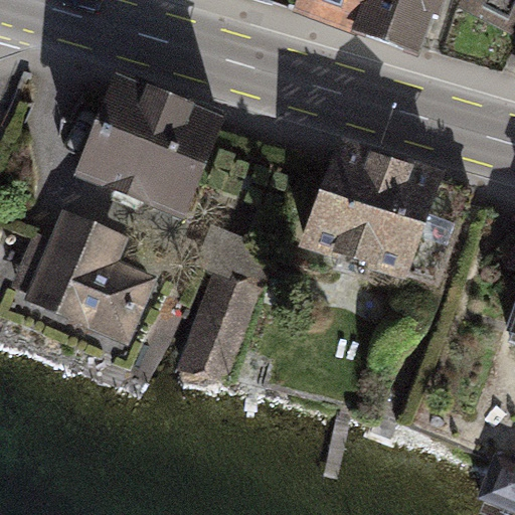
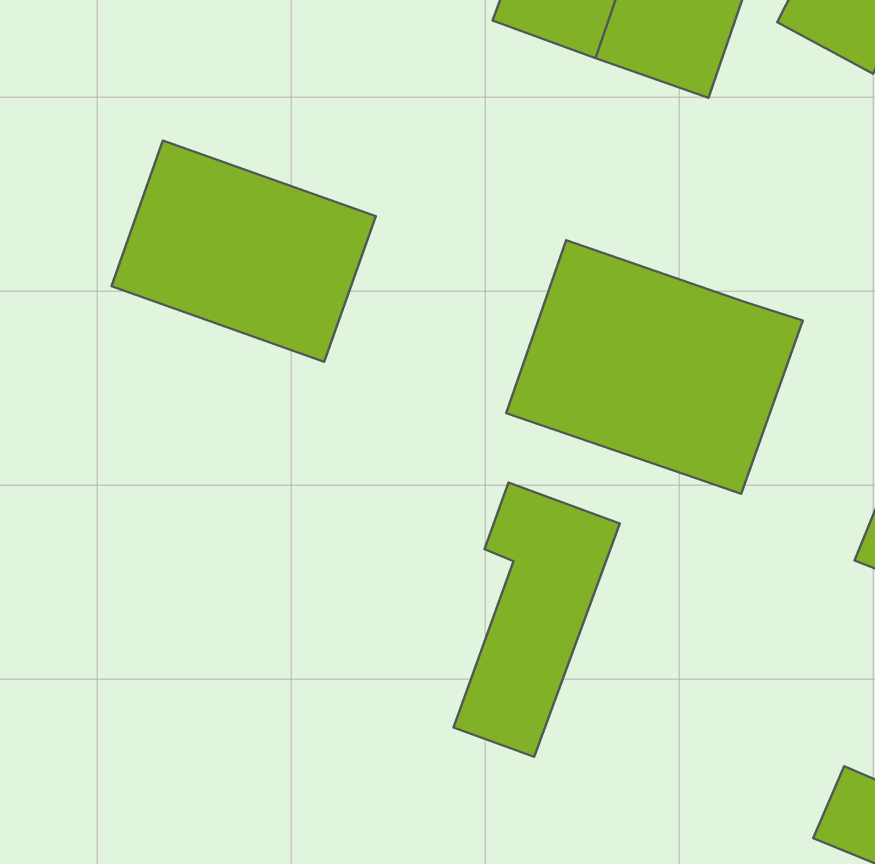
building: [15,207,162,350] -> none
building: [180,221,278,382] -> [454,482,620,757]

